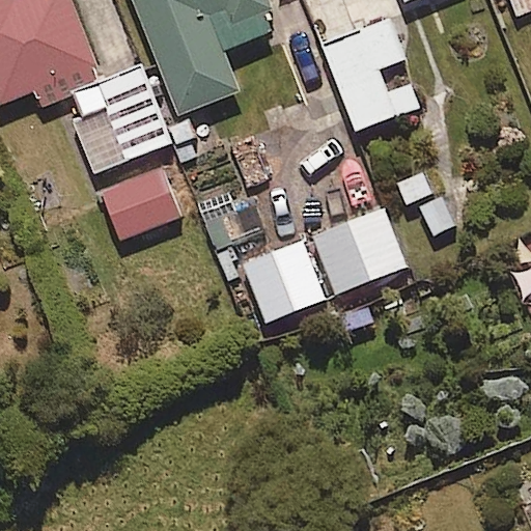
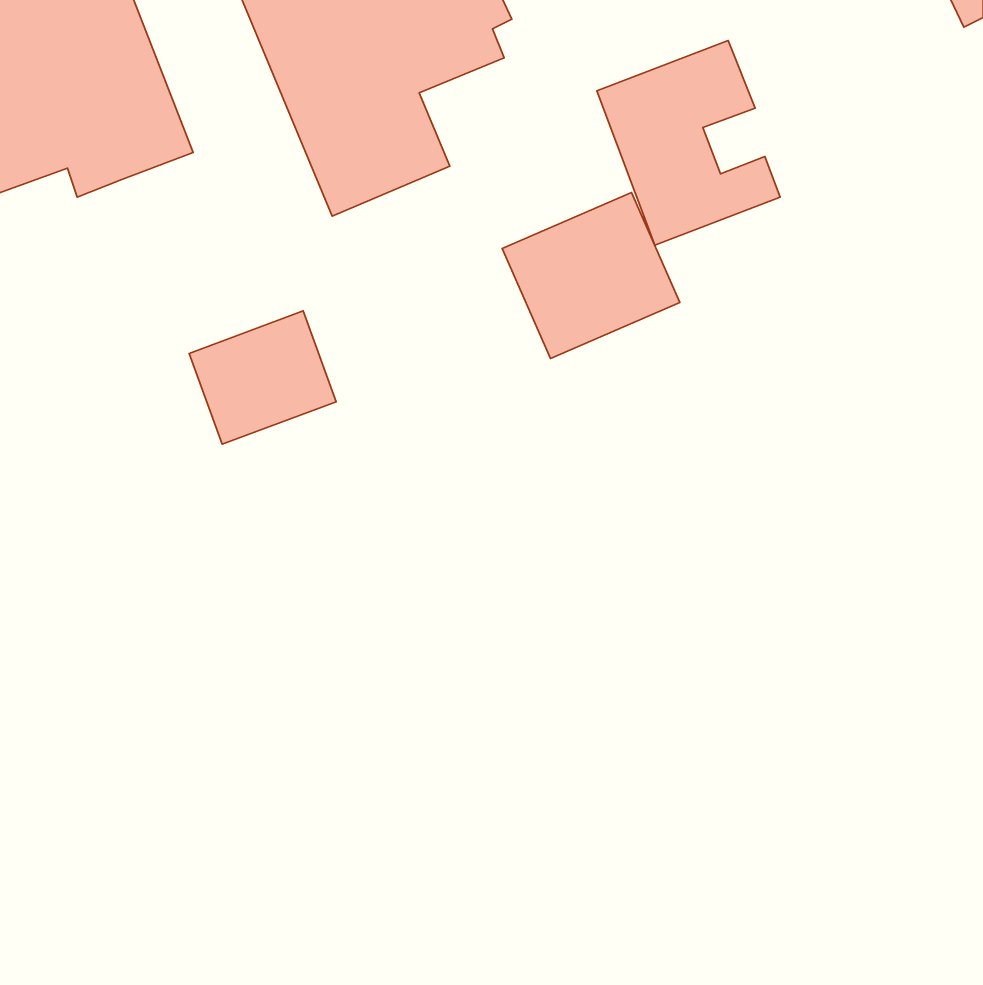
building: [65,67,170,171] -> none
building: [311,205,407,295] -> [502,192,680,358]
building: [245,241,326,322] -> none

